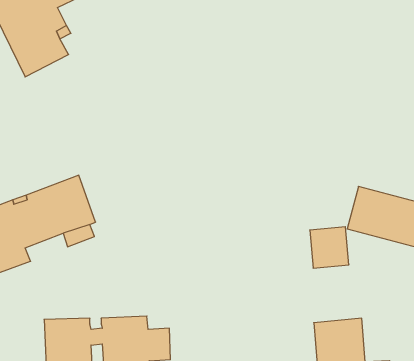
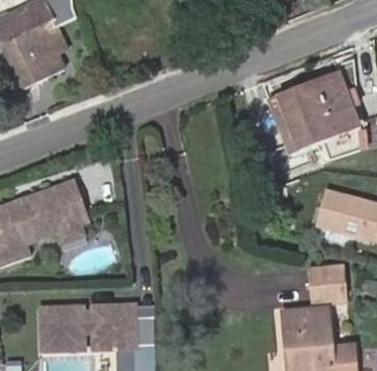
building: none -> [280,73,361,148]
building: [310,227,349,268] -> [311,266,347,303]

